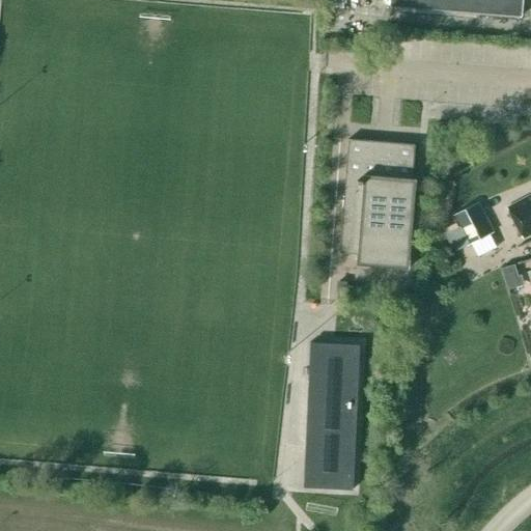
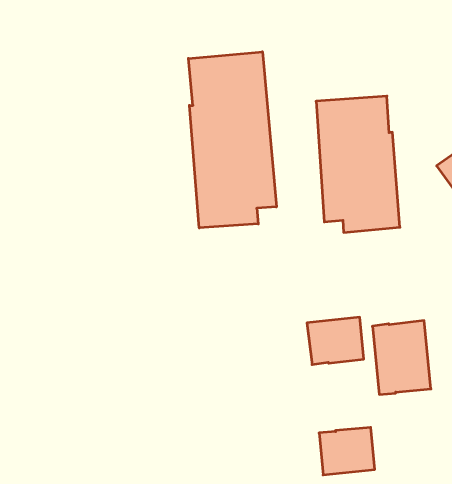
building: none -> [188,52,276,228]
building: [306,383,358,449] -> [372,321,431,394]

